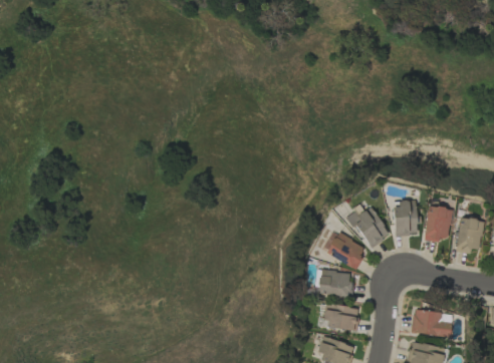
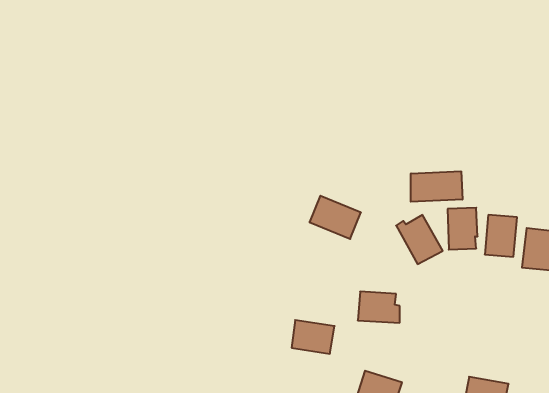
building: none -> [411,171,462,202]
building: [323,232,366,268] -> [309,196,361,239]
building: [324,304,360,332] -> [292,320,335,354]
building: [412,310,452,337] -> none

